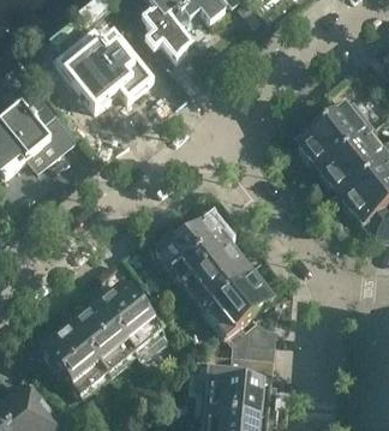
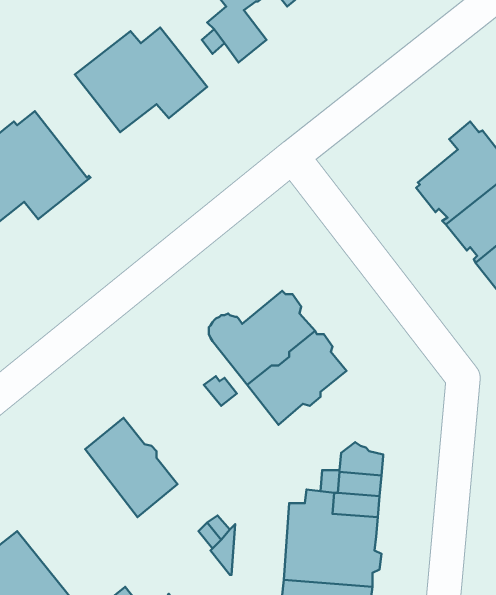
building: [204,271,273,337] -> none
building: [97,282,163,349] -> none
building: [43,325,107,396] -> none

